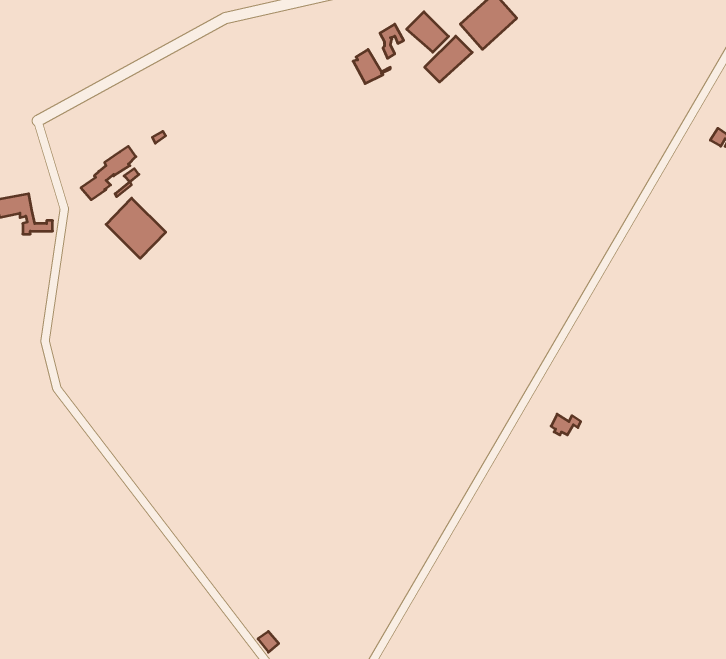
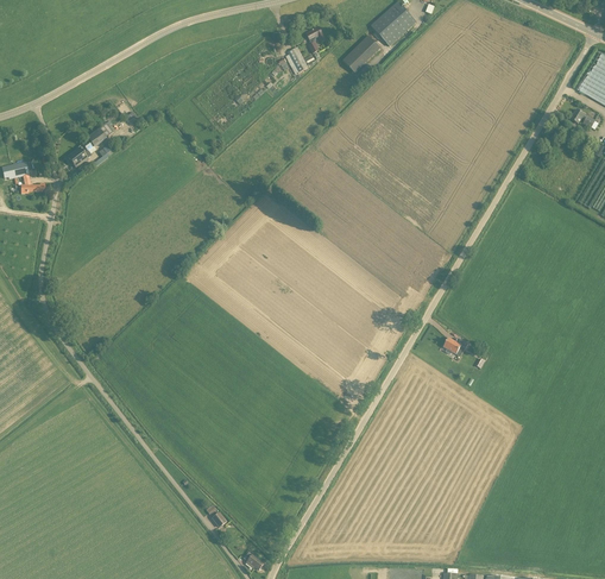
building: [407,12,449,52] -> none
building: [106,198,166,258] -> none

